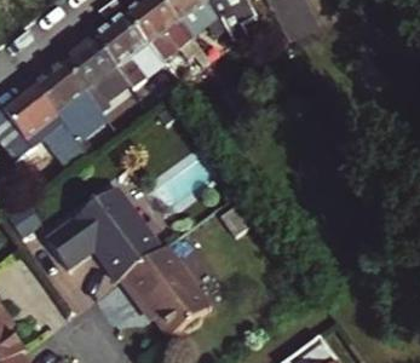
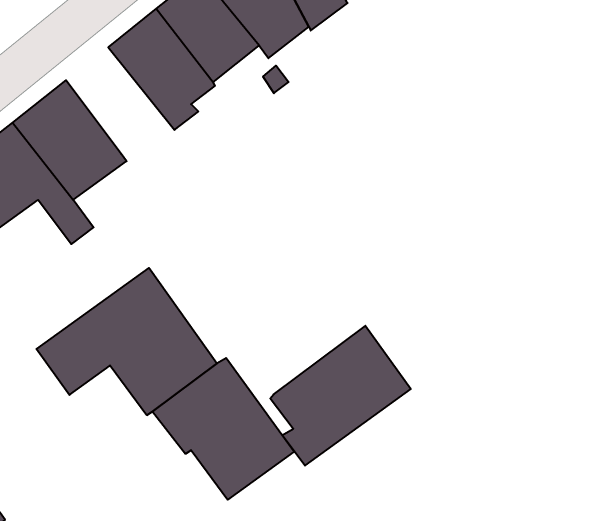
building: [63,40,134,110] -> none
building: none -> [270,326,411,466]

